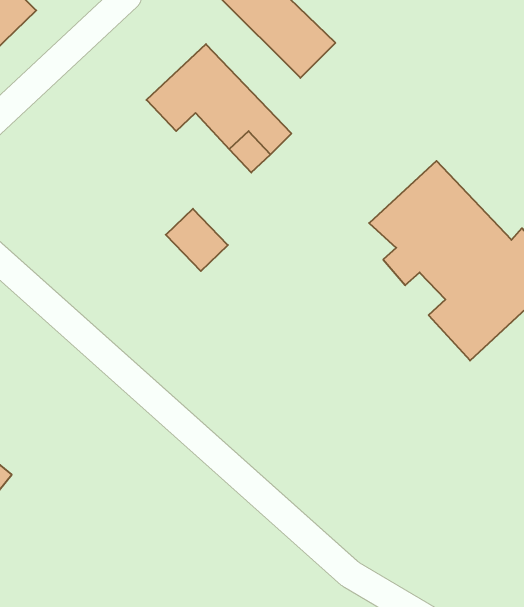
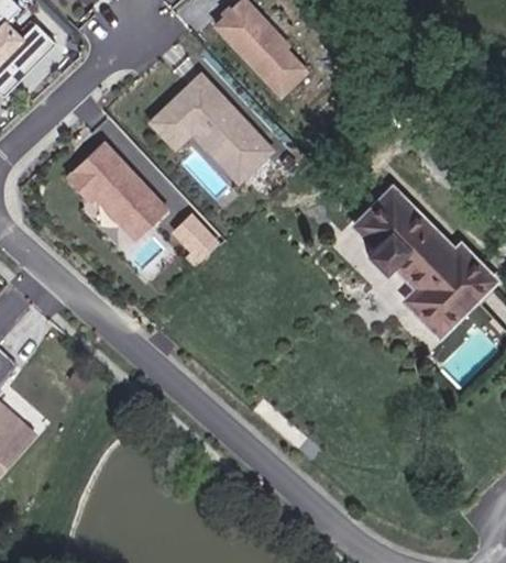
building: none -> [67,141,167,239]

